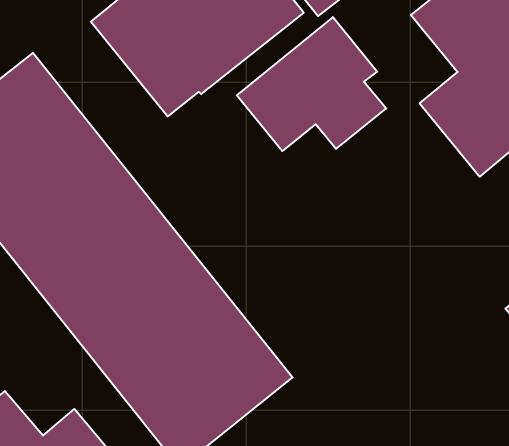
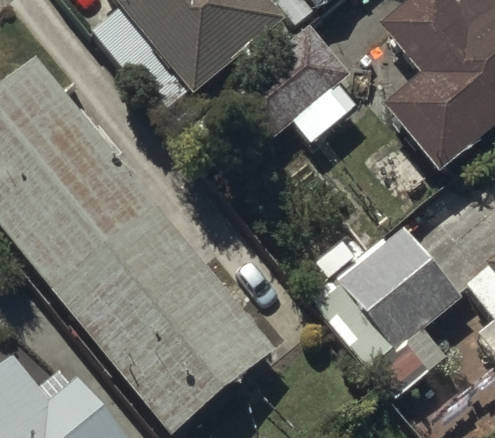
building: none -> [306,225,460,402]

